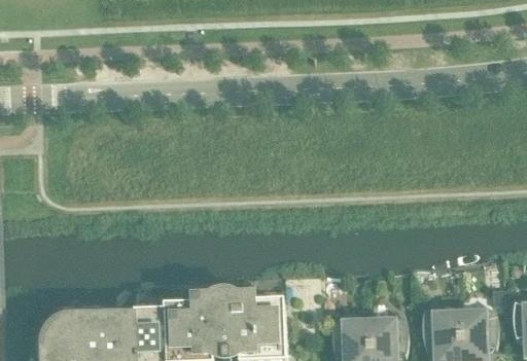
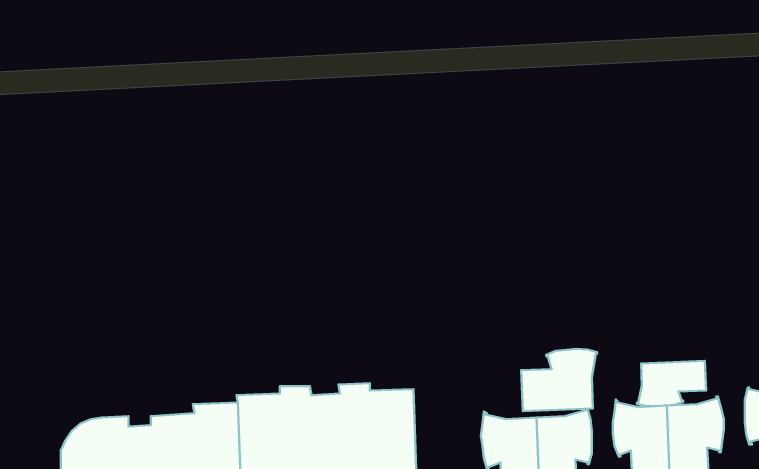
building: none -> [521,349,597,411]
building: none -> [637,361,706,406]

